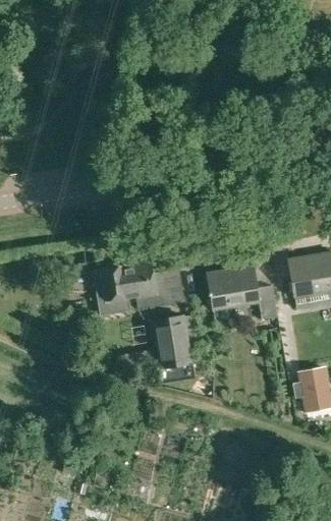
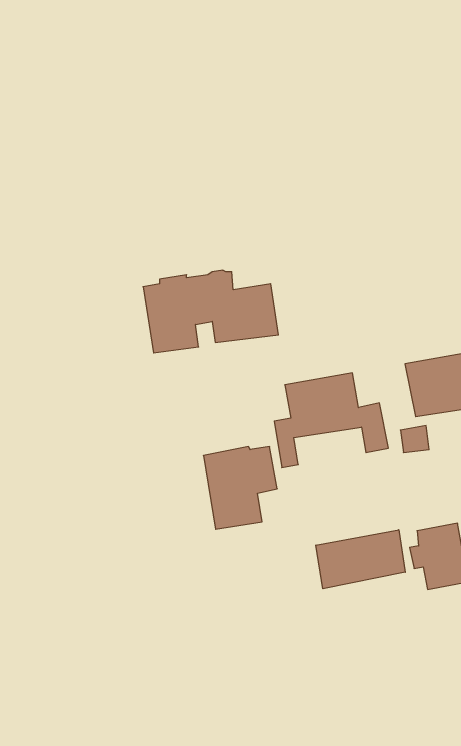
building: [93,260,184,316] -> [143,270,278,353]
building: none -> [316,530,405,589]

